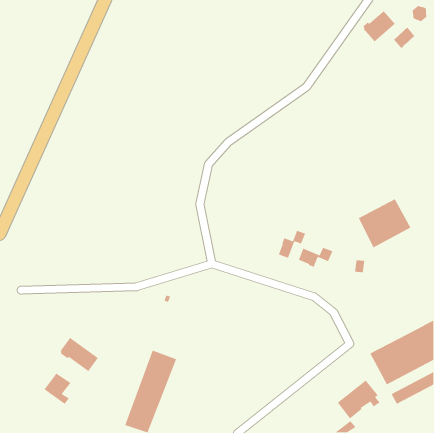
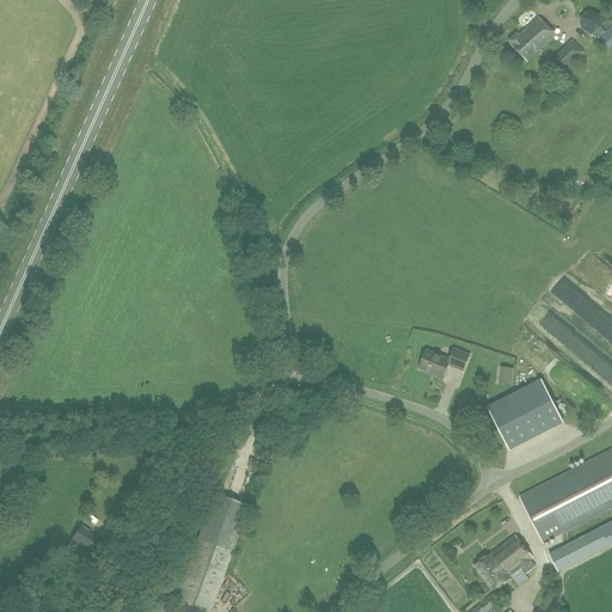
building: [358,198,411,248] -> [488,378,563,448]
building: [278,230,306,259] -> none
building: [59,337,99,372] -> none

